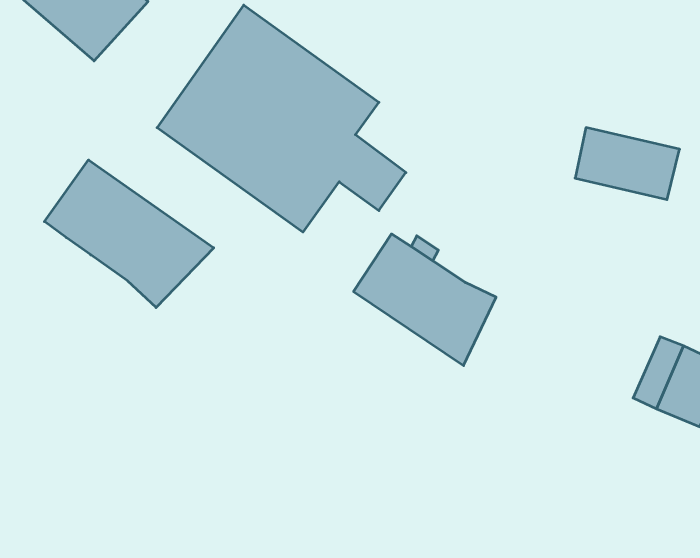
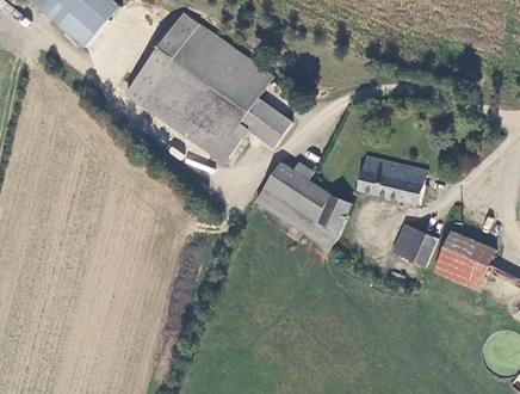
building: [575,128,680,200] -> [355,155,425,203]
building: [44,160,214,308] -> none
building: none -> [389,221,438,264]

